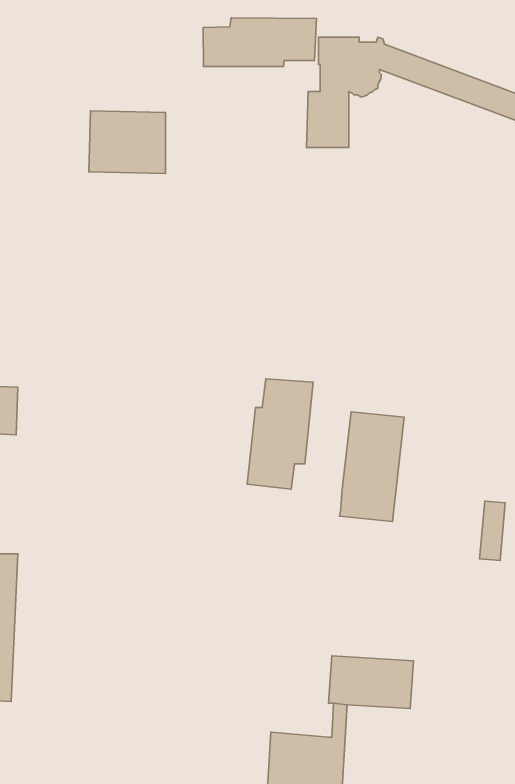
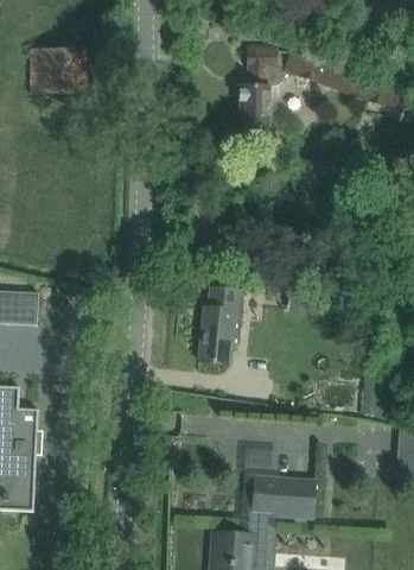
building: [203,18,317,67] -> none
building: [89,111,165,174] -> [31,49,84,93]
building: [340,412,404,521] -> none

